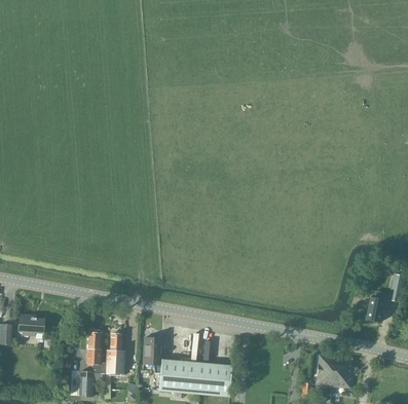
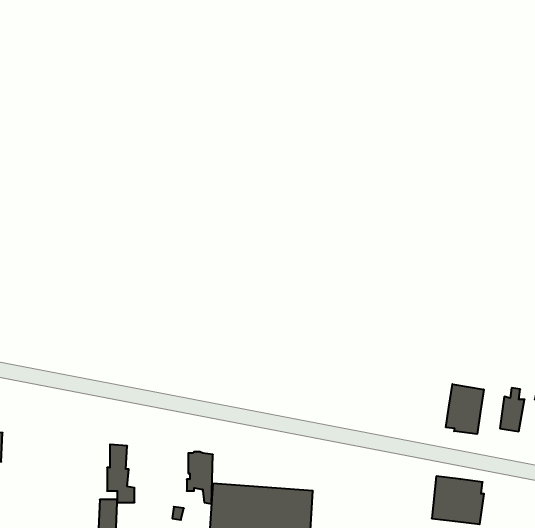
building: none -> [446,384,484,434]
building: [17,314,43,334] -> none
building: [105,333,124,374] -> none

